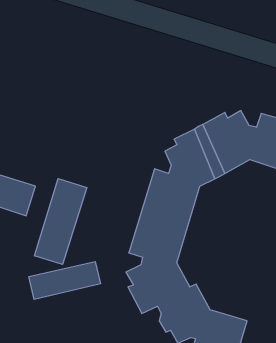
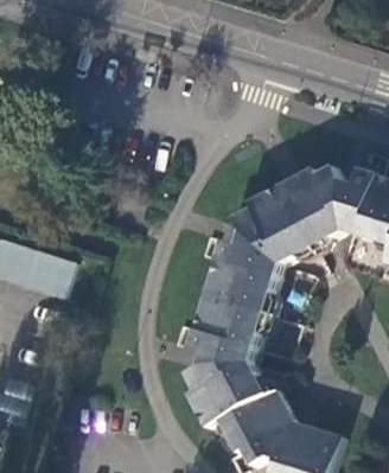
building: [35,179,87,264] -> none
building: [29,262,100,299] -> none

